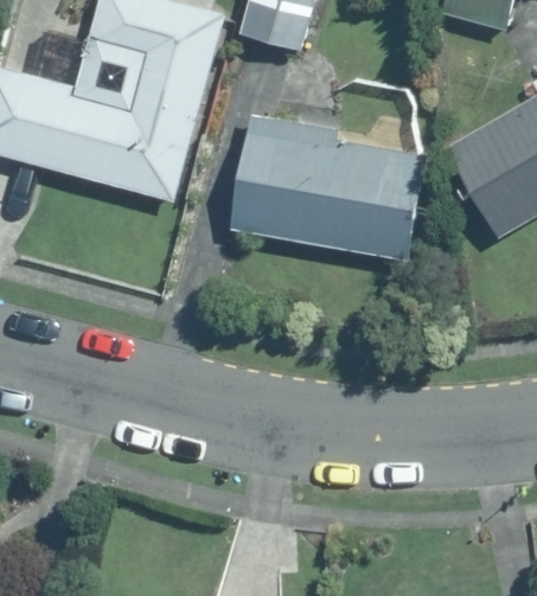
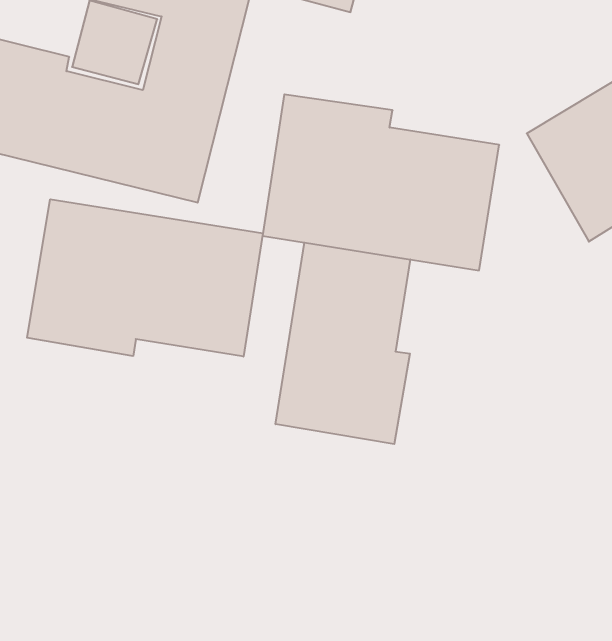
building: none -> [27,199,263,357]
building: none -> [276,243,410,444]

